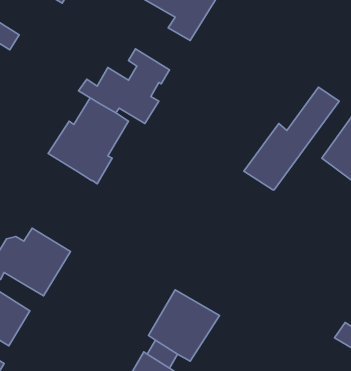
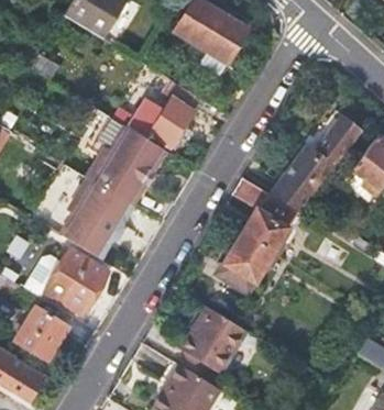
building: none -> [216,178,298,295]
building: none -> [59,179,132,257]

